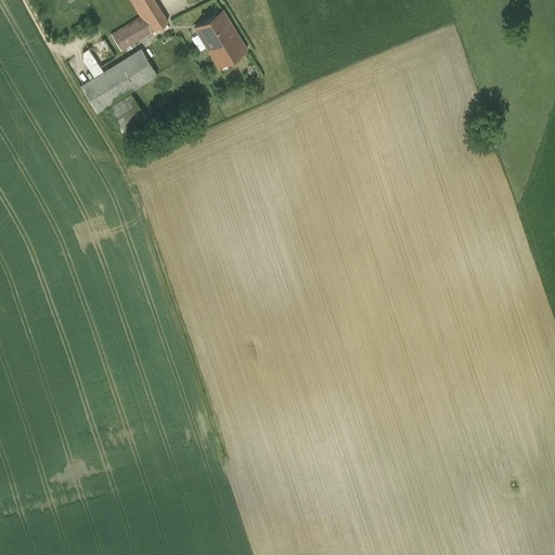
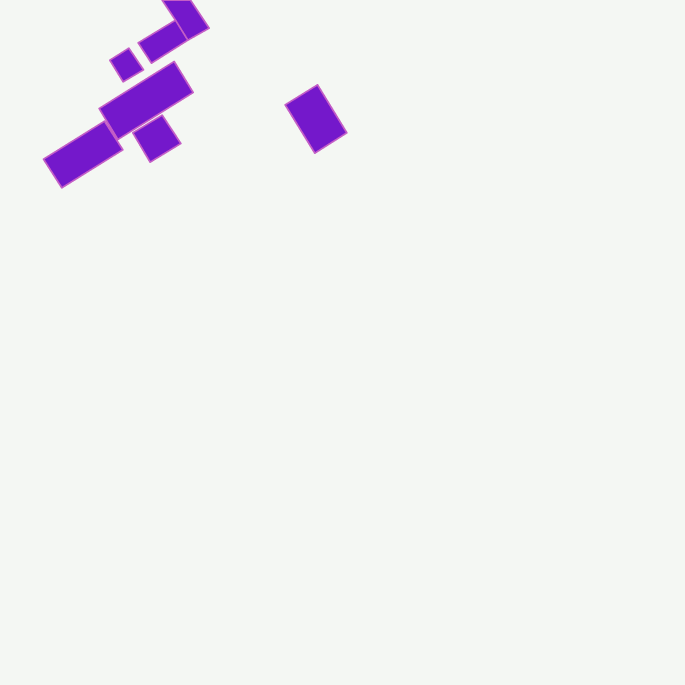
building: [196,12,246,67] -> [285,85,347,153]
building: none -> [43,121,123,188]

